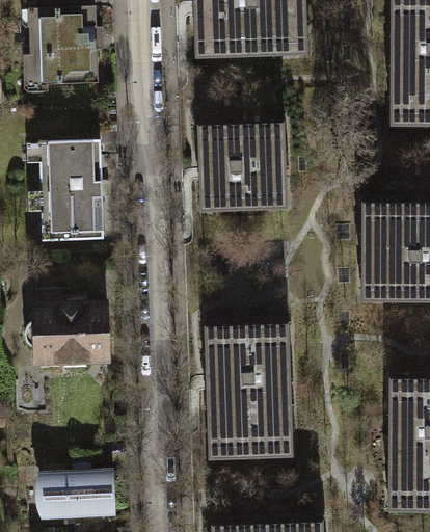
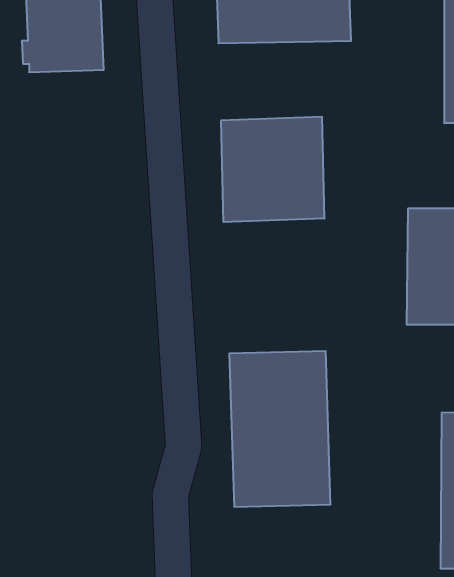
building: [39,139,104,241] -> none
building: [24,290,108,370] -> none
building: [41,464,111,513] -> none

